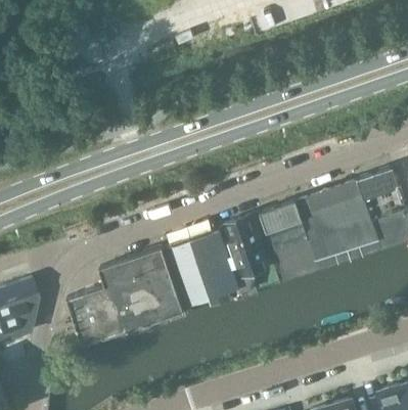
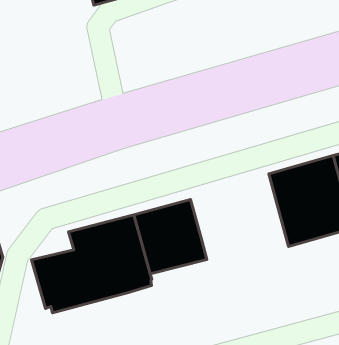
building: [260,198,318,280] -> none
building: [220,215,269,291] -> none

